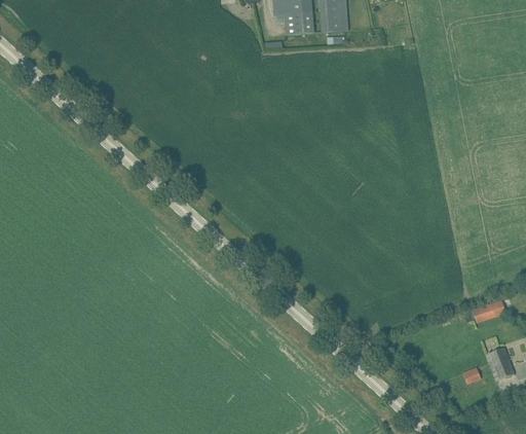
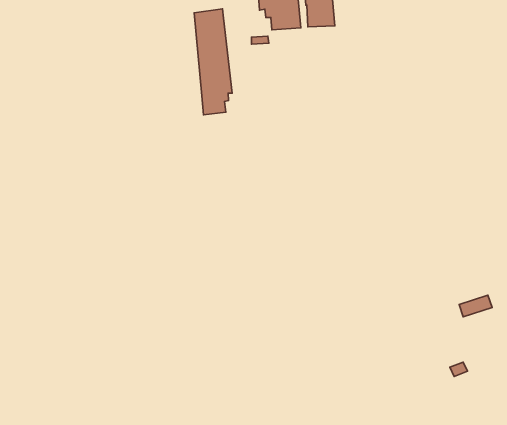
building: none -> [194,9,232,115]
building: [486,348,515,381] -> none

